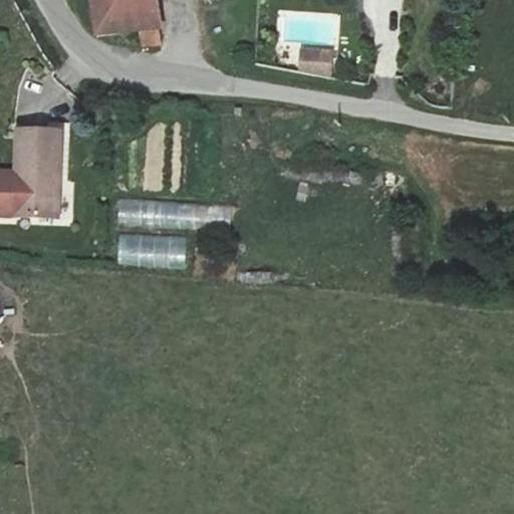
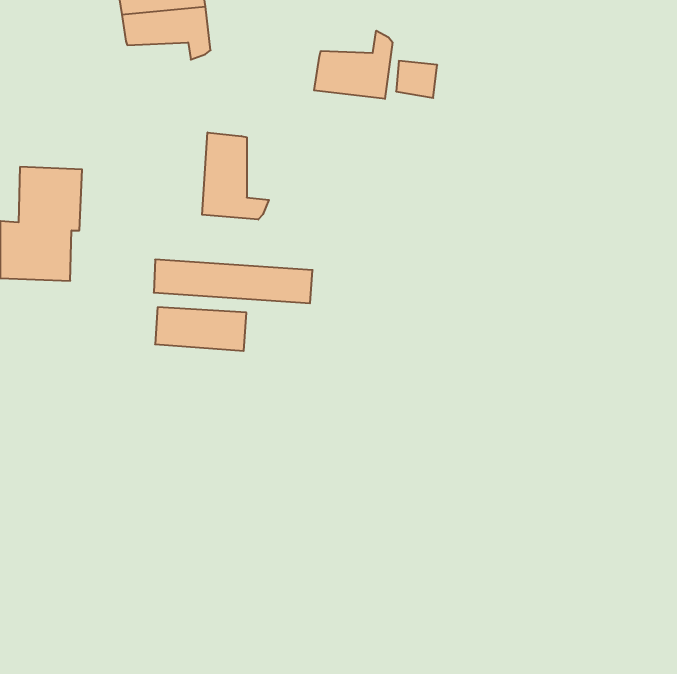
building: none -> [314,31,393,99]
building: none -> [202,132,269,220]

